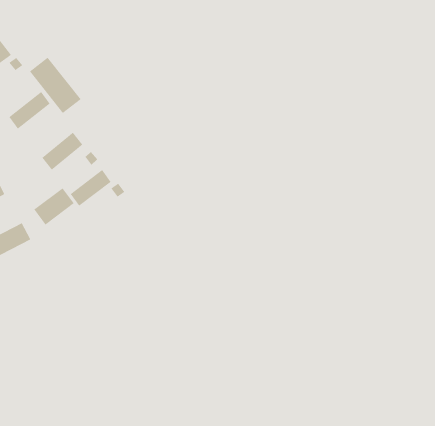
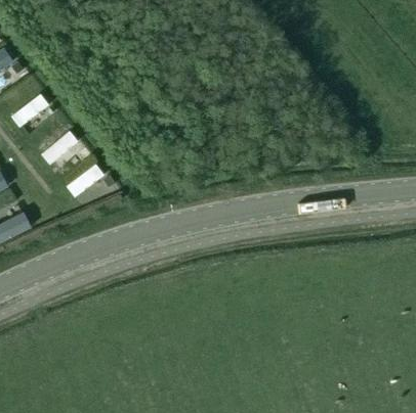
building: [29,57,81,114] -> none
building: [34,187,74,225] -> none

